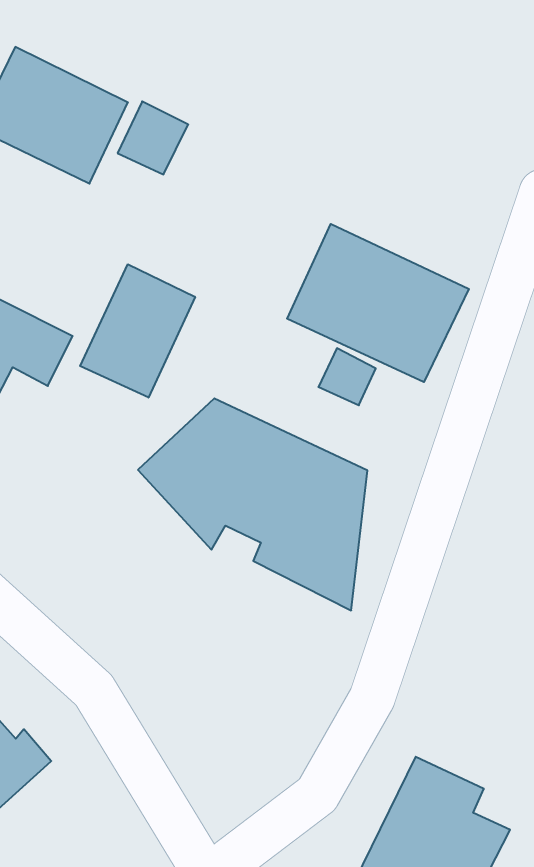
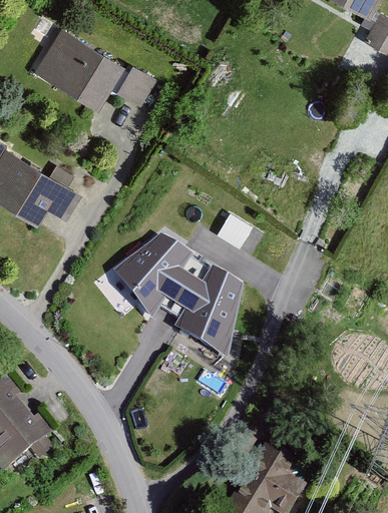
building: [287,224,469,382] -> none
building: [80,264,195,398] -> none

